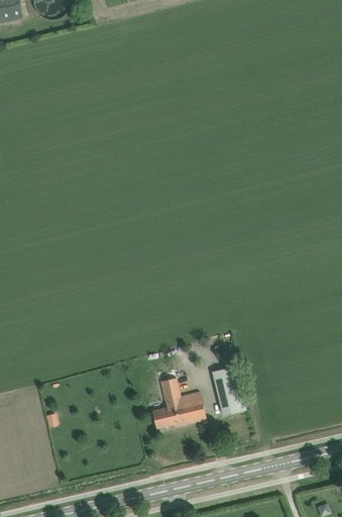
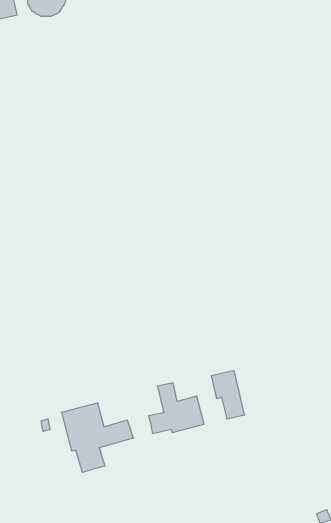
building: none -> [62,403,133,472]

